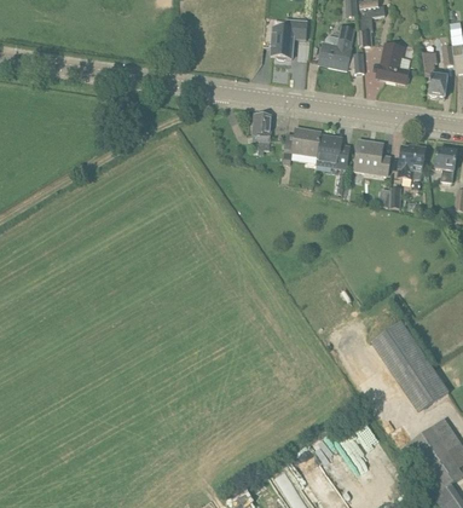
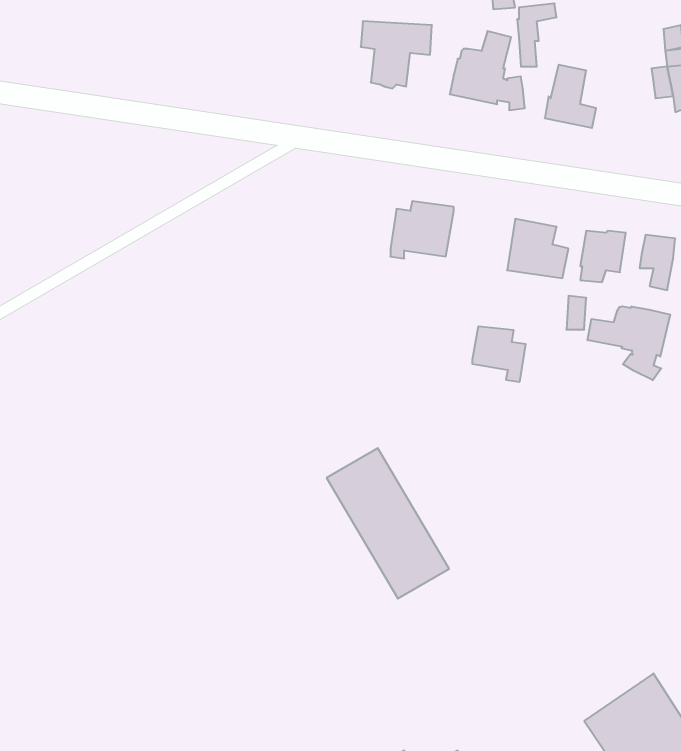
building: [421,52,448,97] -> none
building: [251,111,271,154] -> none
building: [317,133,349,167] -> [472,326,526,382]
building: none -> [588,306,670,380]
building: [374,322,448,414] -> [327,448,449,599]

